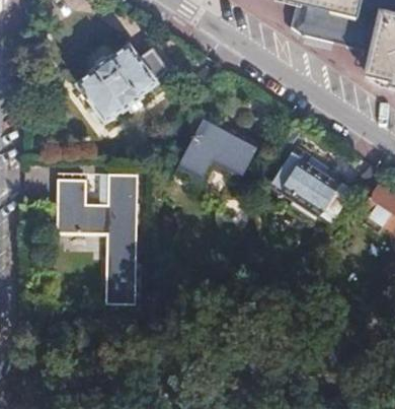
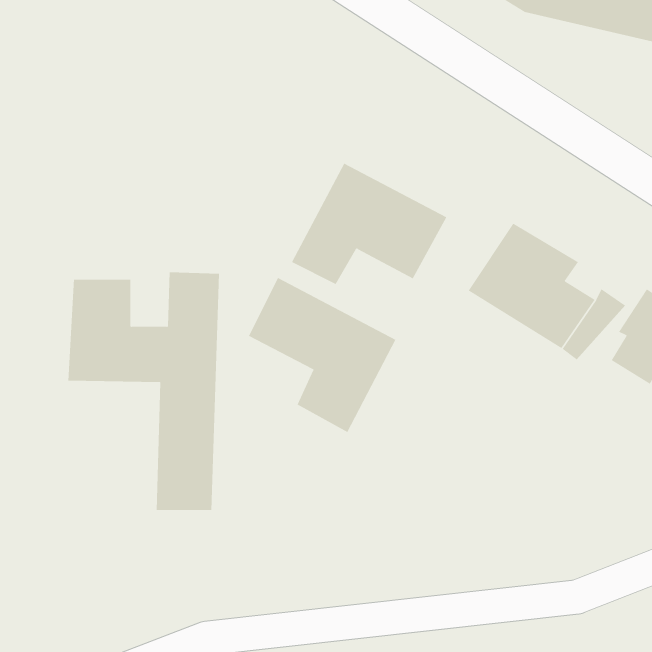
building: [76,45,169,124] -> none
building: none -> [248,277,396,433]

